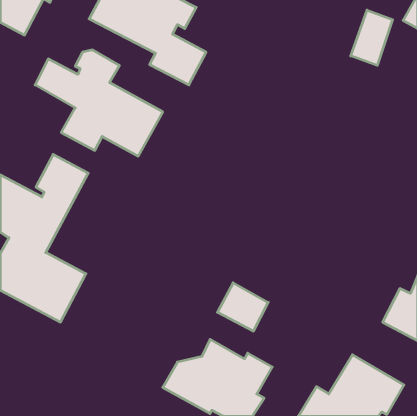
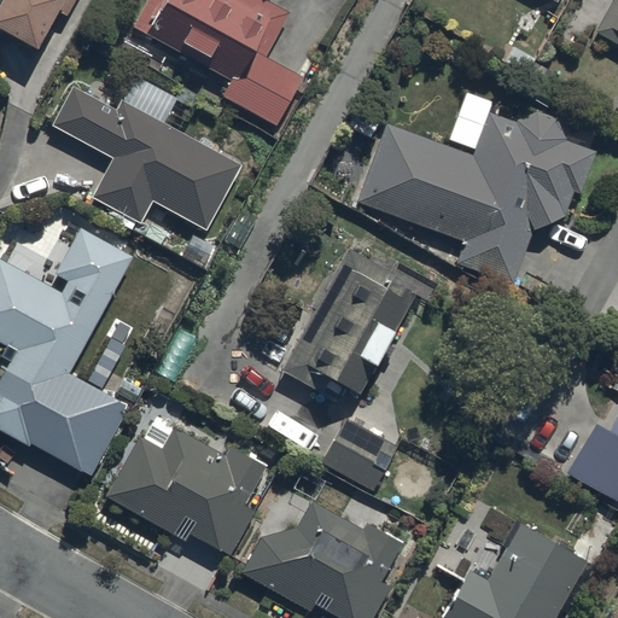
building: [351,10,393,65] -> none
building: none -> [358,111,597,285]
building: none -> [280,250,414,396]
building: none -> [106,416,270,555]

